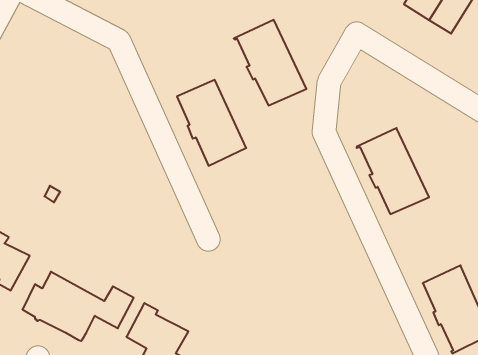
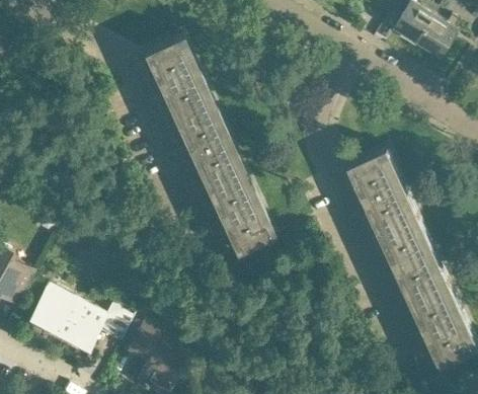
building: [234,20,306,106] -> [141,35,211,119]
building: none -> [205,168,272,253]
building: none -> [380,216,448,299]

